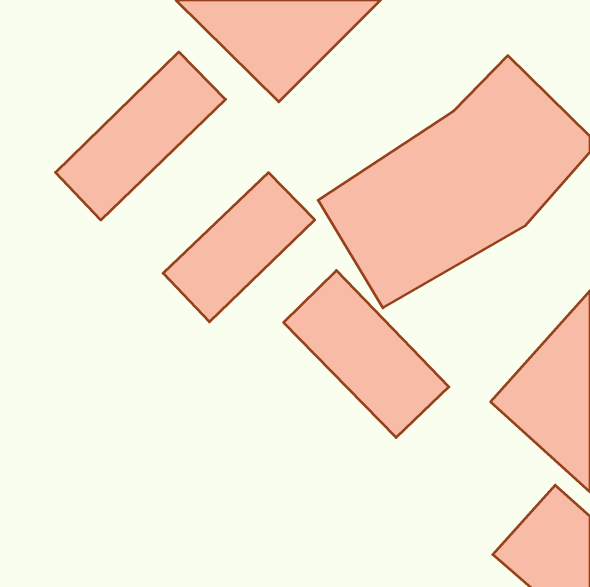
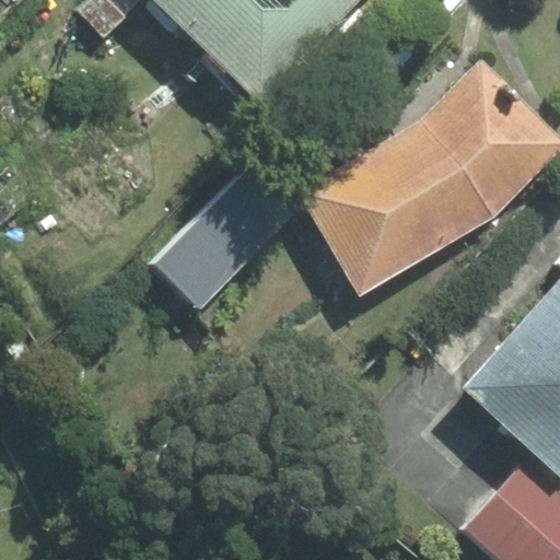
building: [55,52,226,220] -> none
building: [284,270,449,438] -> none

